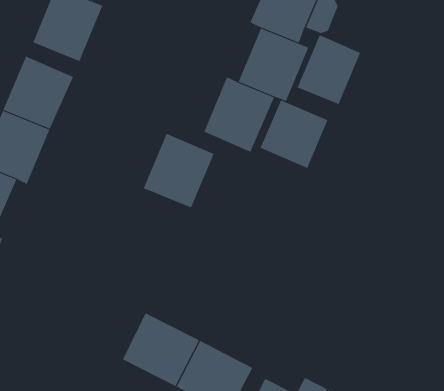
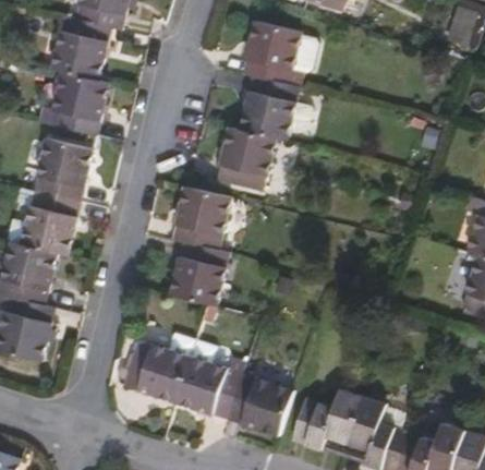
building: [297,34,361,105] -> none
building: [260,99,328,169] -> none
building: none -> [166,242,227,306]
building: none -> [124,337,189,398]

